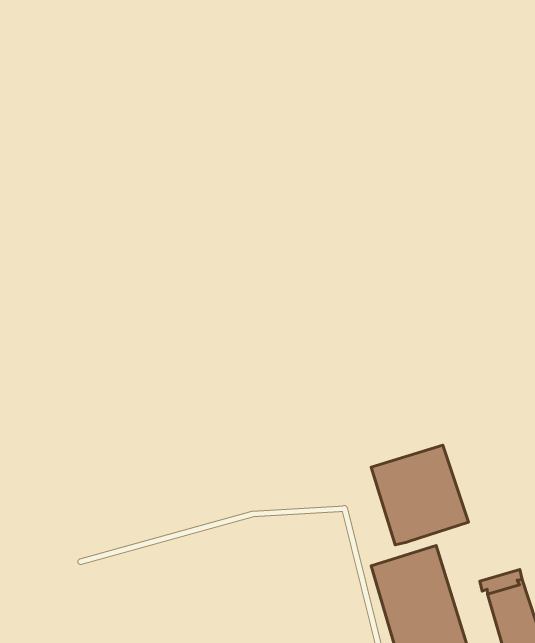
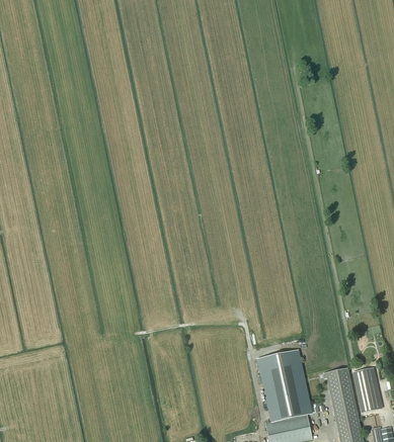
building: [371,445,469,545] -> none

